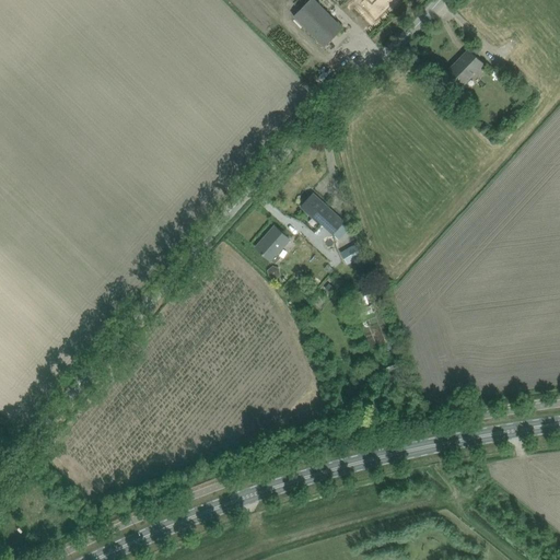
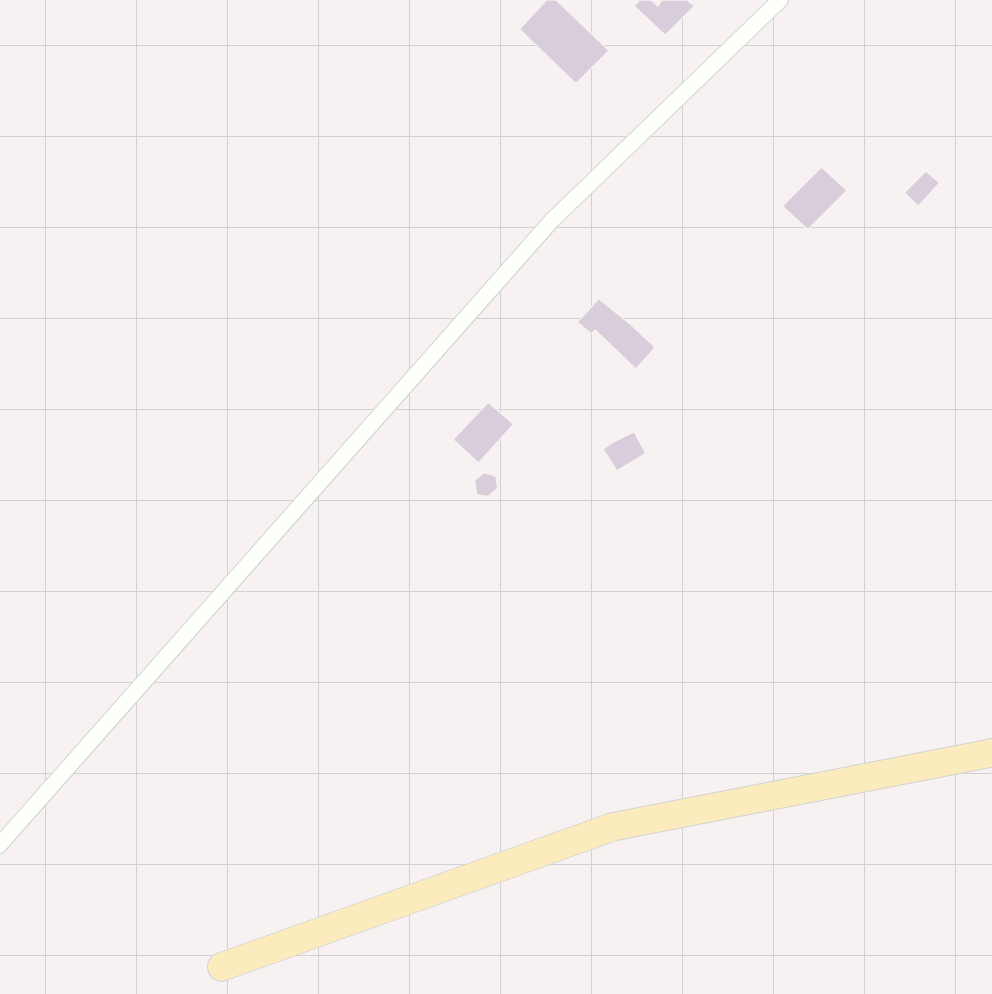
building: [446,50,482,85] -> [783,167,847,229]
building: [300,194,343,233] -> [578,299,655,369]

